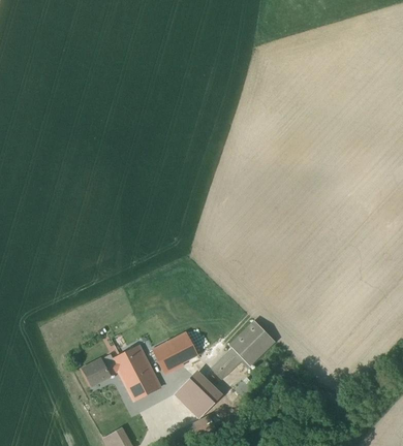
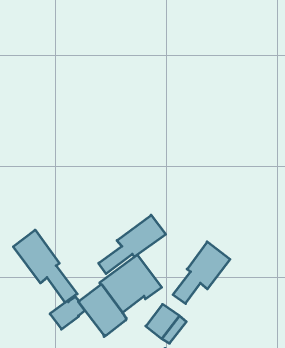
building: none -> [13,230,77,302]
building: none -> [99,215,166,274]

